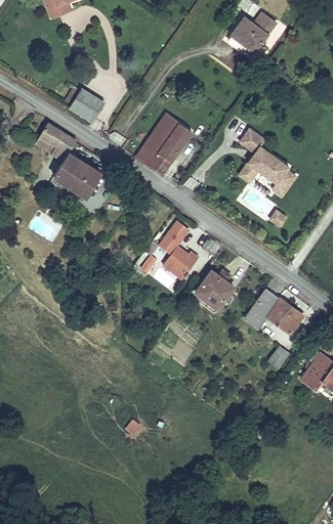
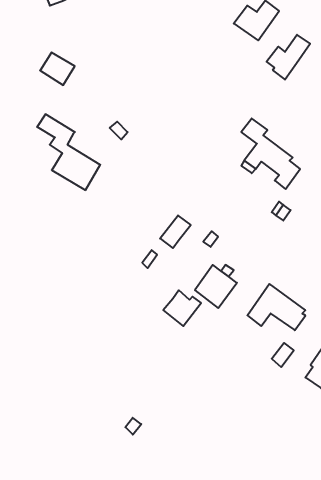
building: none -> [267,35,310,80]
building: [70,90,103,122] -> [40,52,75,85]
building: [135,115,192,175] -> none
building: [162,246,199,280] -> [163,290,201,326]

